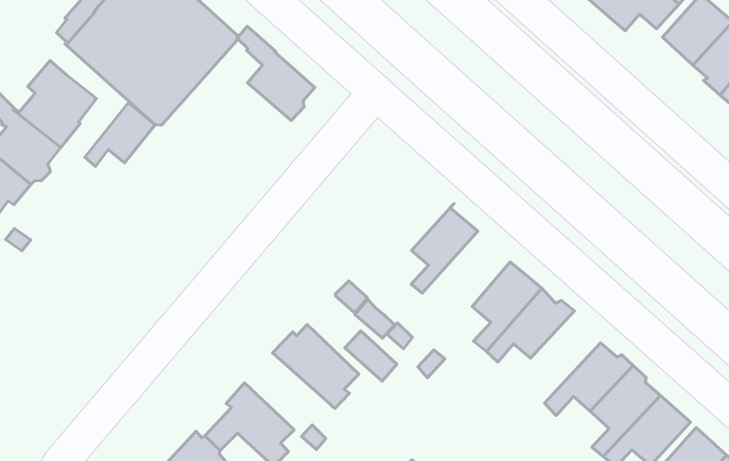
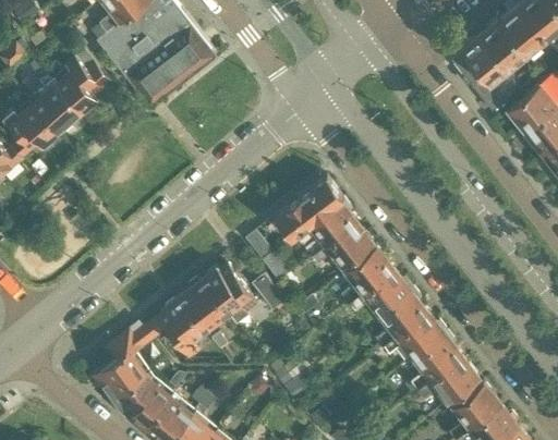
building: [237,26,315,120] -> none
building: [85,102,155,166] -> none
building: none -> [274,175,343,237]
building: none -> [311,219,373,266]
building: none -> [375,285,427,345]
building: none -> [178,278,230,333]

